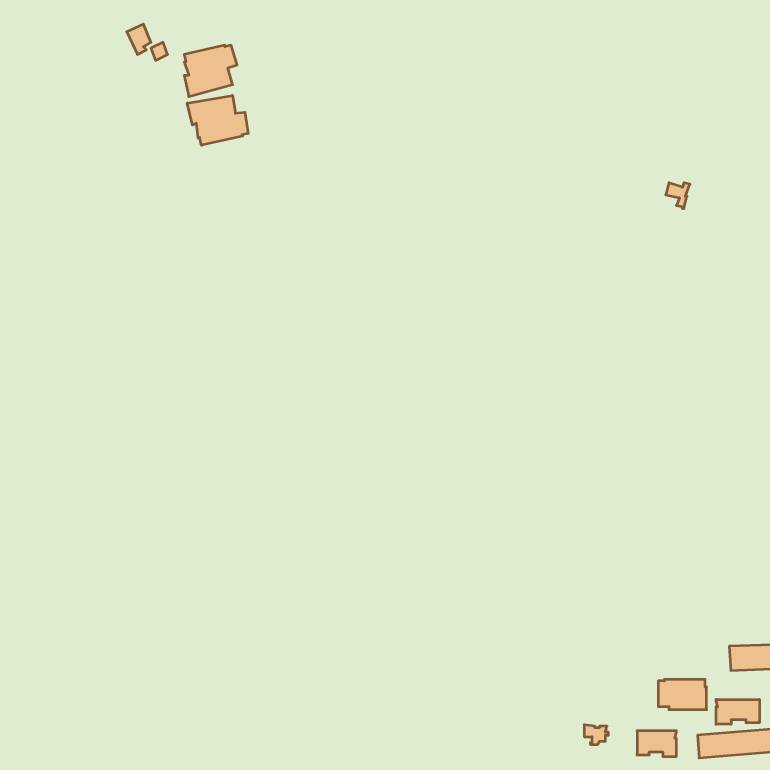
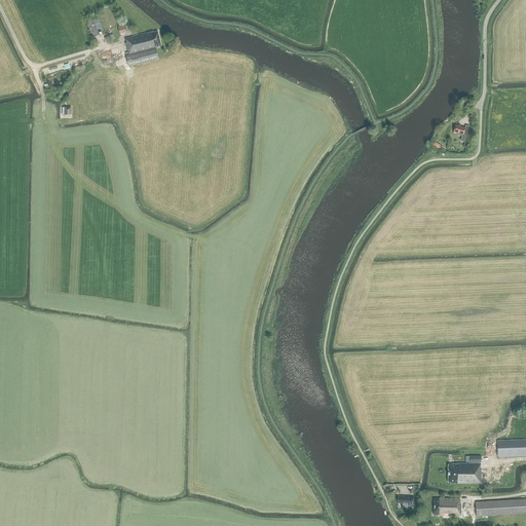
building: [187,95,248,145] -> none
building: [716,699,759,724] -> none

